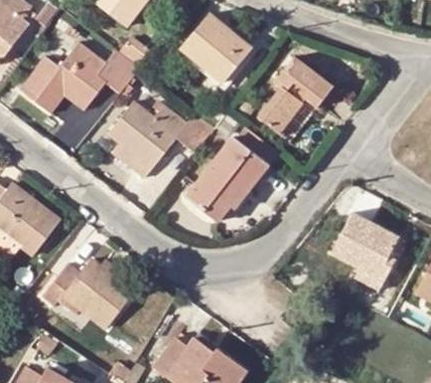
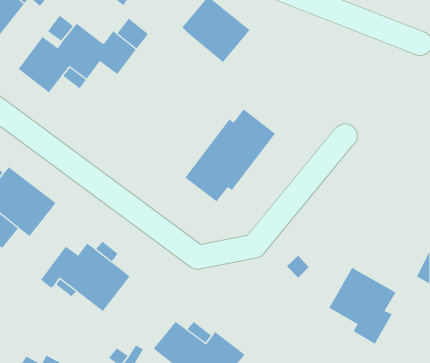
building: [259,58,332,134] -> none
building: [110,103,212,177] -> none
building: [331,212,399,289] -> [329,267,397,345]

